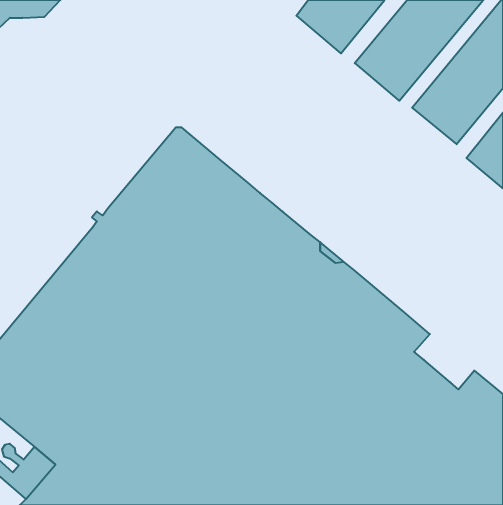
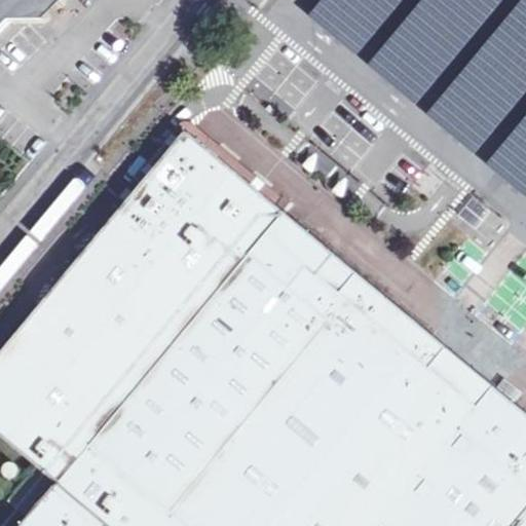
building: none -> [430,347,493,405]

